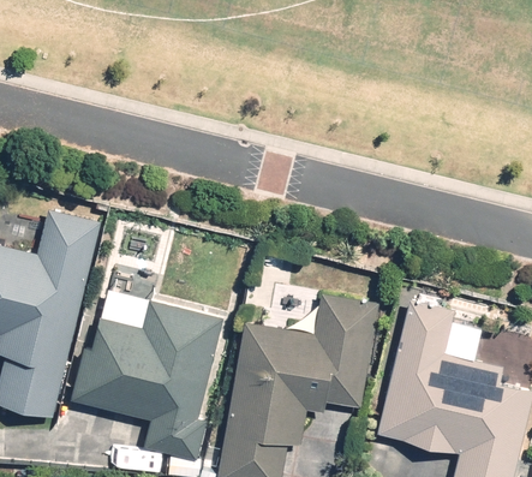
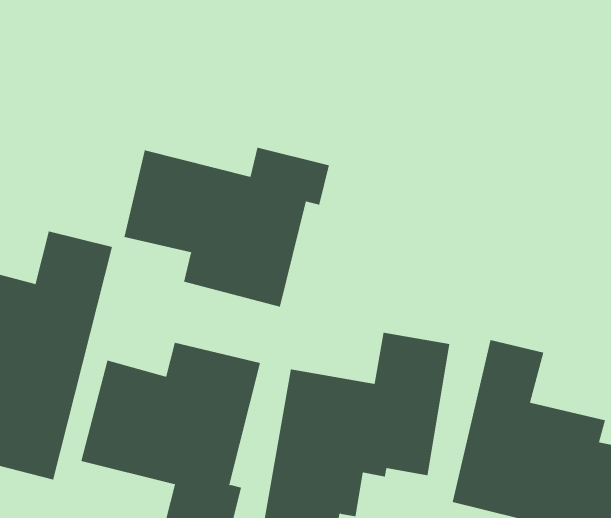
building: none -> [124,147,330,307]

